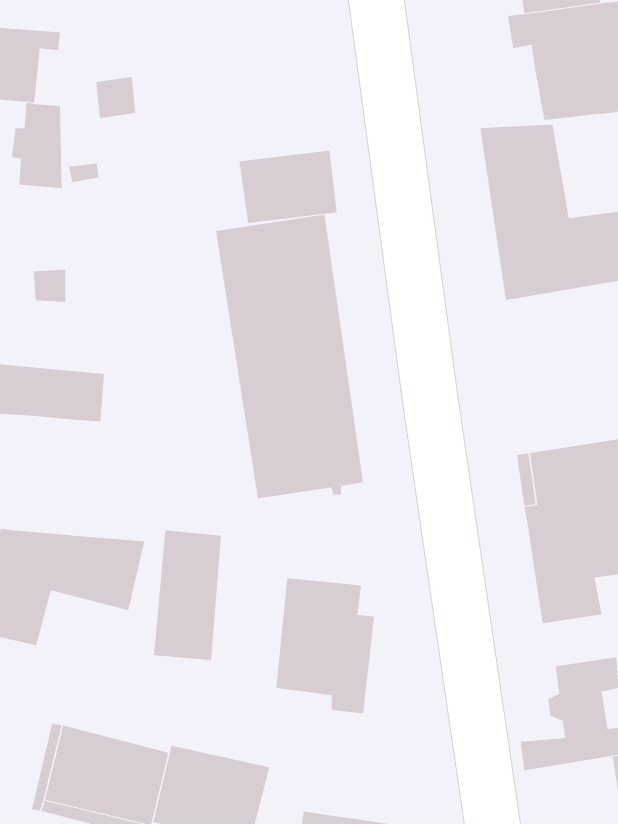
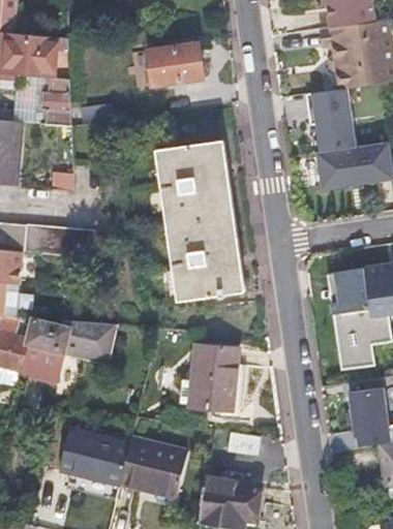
building: [238,150,338,224] -> [147,42,203,84]
building: [153,530,221,661] -> none

